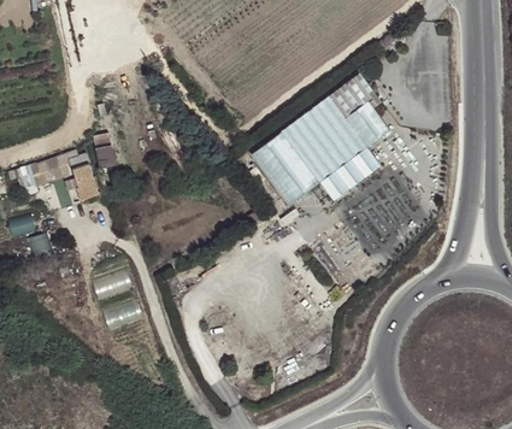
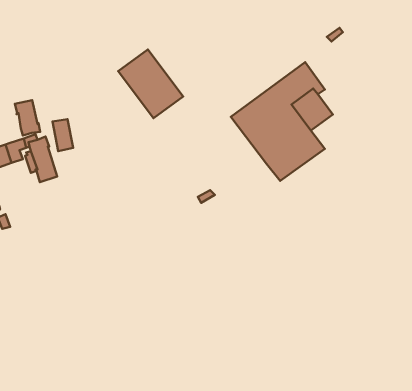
building: none -> [15,100,40,135]
building: [249,131,318,204] -> [118,49,183,118]

